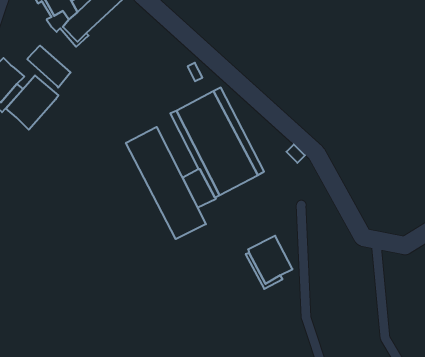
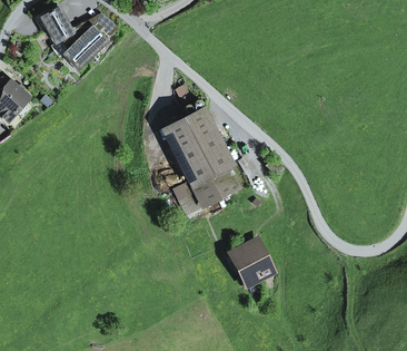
building: [28,46,71,88] -> none
building: [6,75,58,130] -> none
building: [126,127,206,239] -> none

